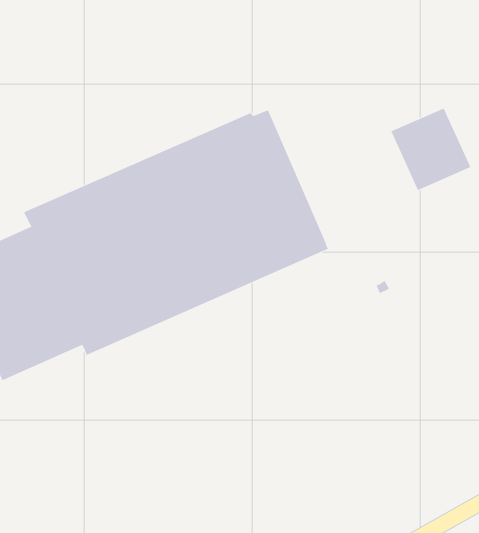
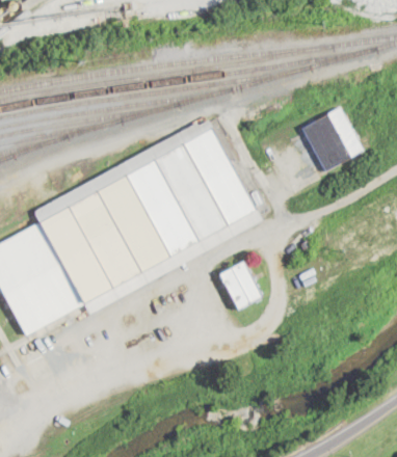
building: none -> [217,261,261,310]

